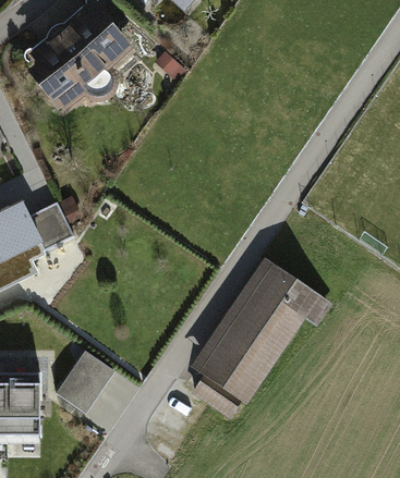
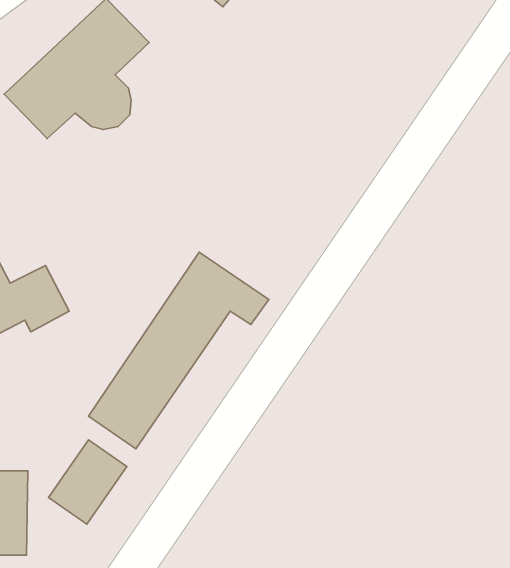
building: [196,253,329,397] -> [88,252,269,449]

